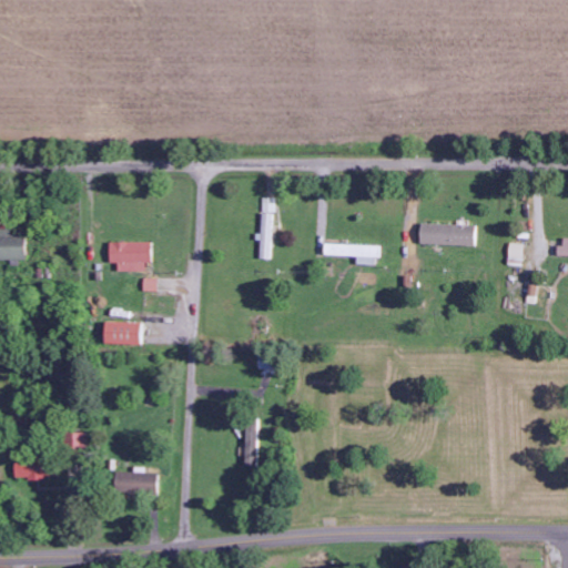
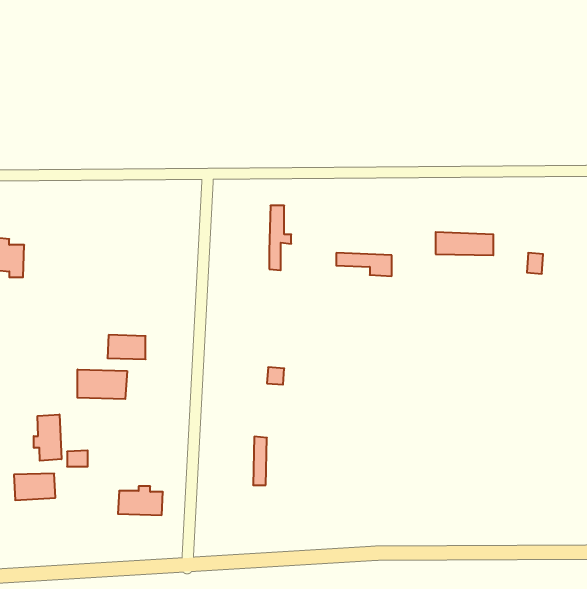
building: [108,242,151,272] -> none
building: none -> [77,369,127,399]
building: none -> [34,414,61,461]

